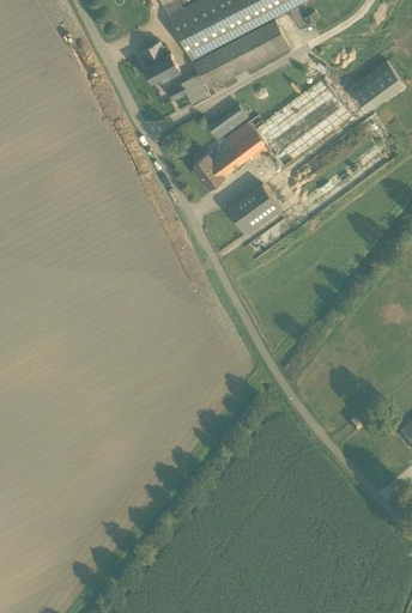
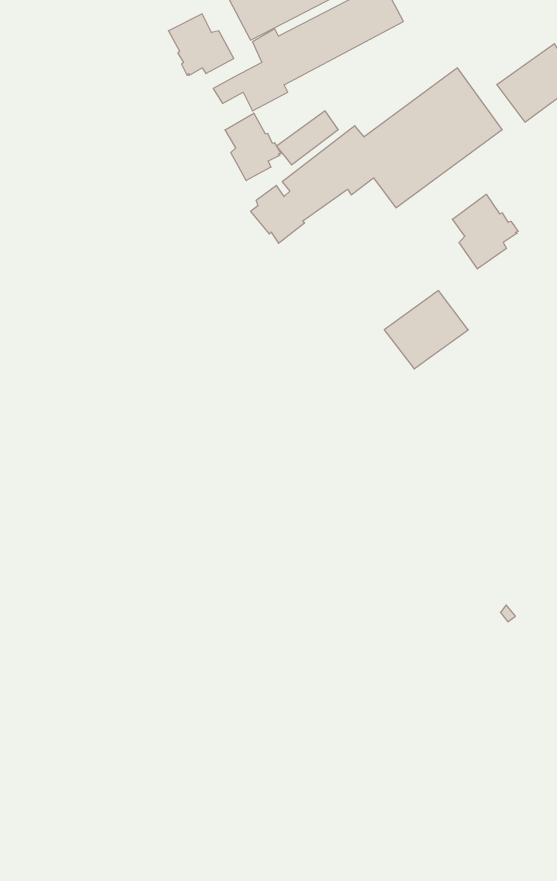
building: none -> [225,113,281,181]
building: none -> [452,194,518,269]
building: [225,182,279,232] -> [384,291,468,369]

